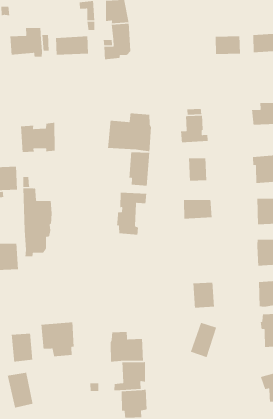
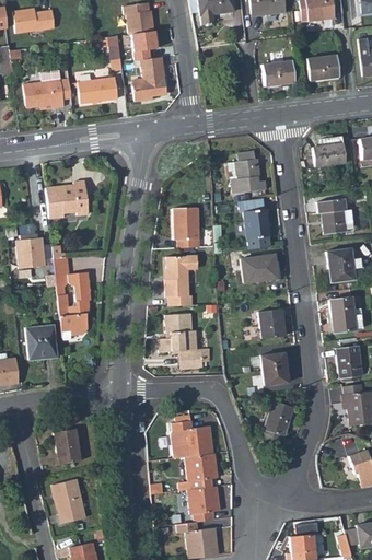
building: [107,112,152,152] -> none
building: none -> [156,314,200,368]
building: none -> [256,308,282,338]
building: [40,322,74,357] -> none

